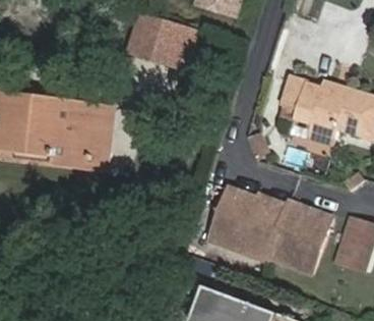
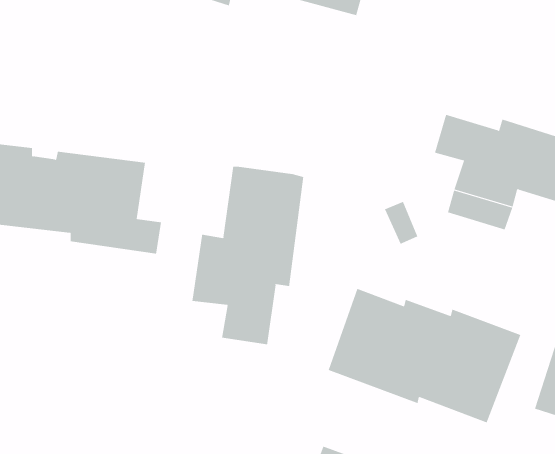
building: [122,12,183,60] -> none
building: none -> [192,166,304,345]

